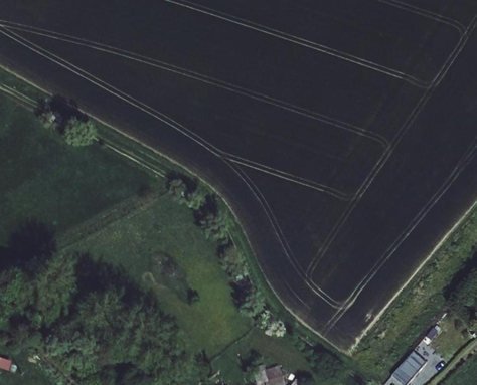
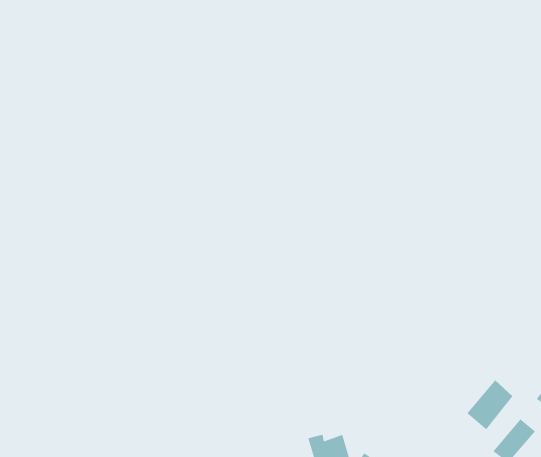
building: none -> [467,380,513,430]

